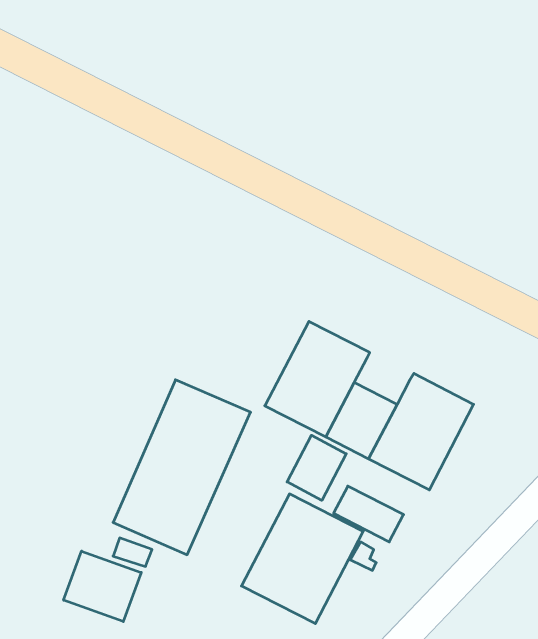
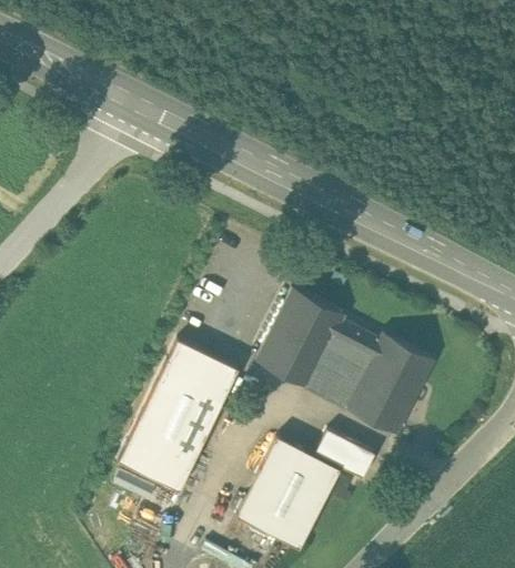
building: none -> [331,321,378,361]
building: [287,435,346,500] -> none
building: [64,551,141,622] -> none

